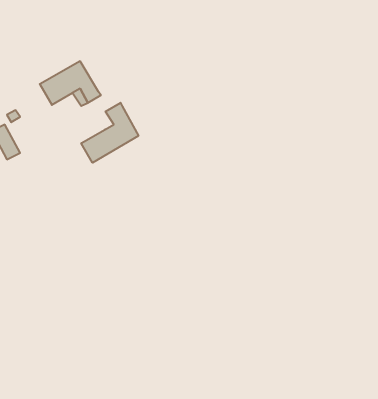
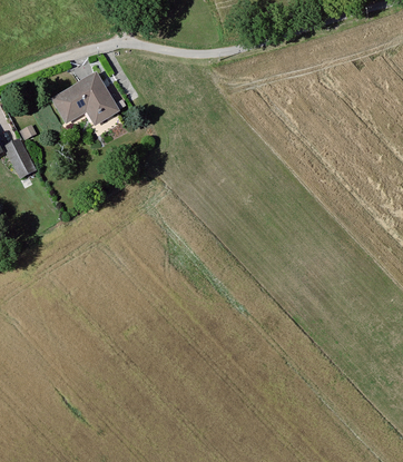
building: [81,103,138,163] -> none

